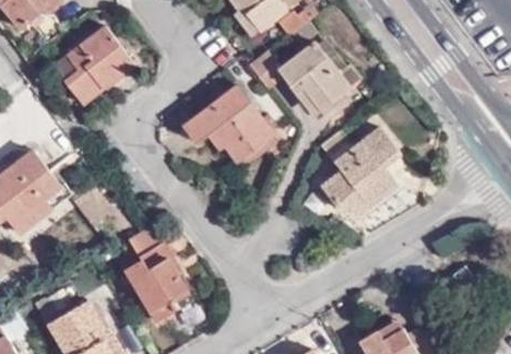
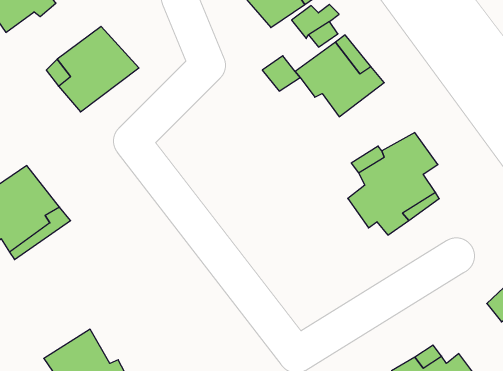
building: [182,86,272,157] -> none
building: [129,229,192,322] -> none

